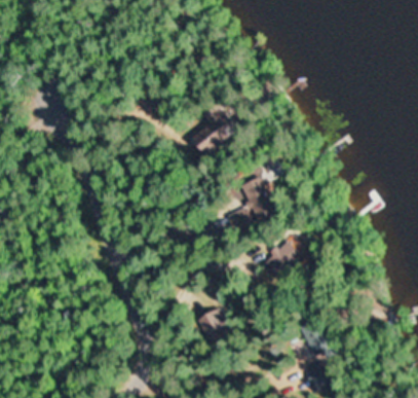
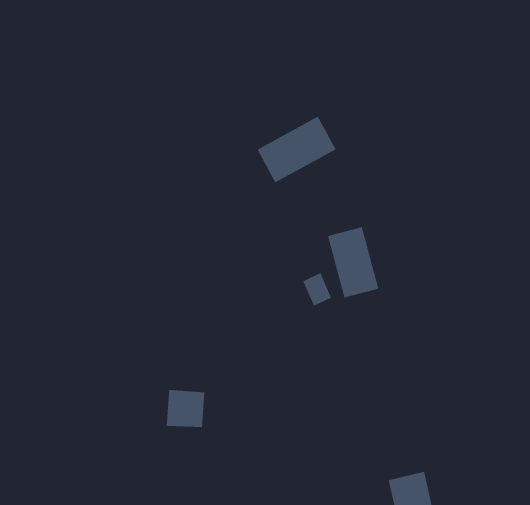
building: [268,239,308,274] -> none
building: [197,310,222,334] -> [166,389,205,427]

